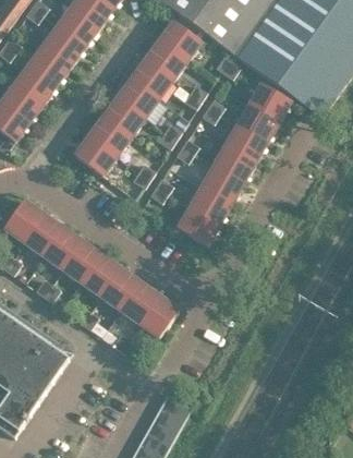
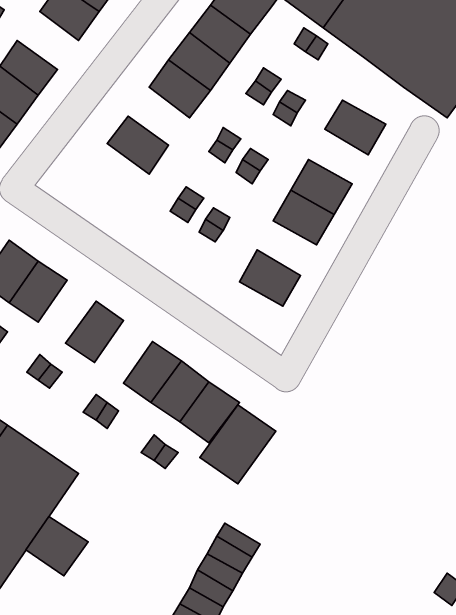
building: [28,45,70,84] -> none
building: [248,76,290,121] -> none
building: [104,96,145,135] -> none
building: [226,124,266,161] -> none
building: [75,134,118,173] -> none
building: [191,186,231,224] -> none
building: [42,227,82,269] -> none
building: [81,254,120,297] -> none
building: none -> [200,405,276,484]
building: none -> [26,516,88,576]

